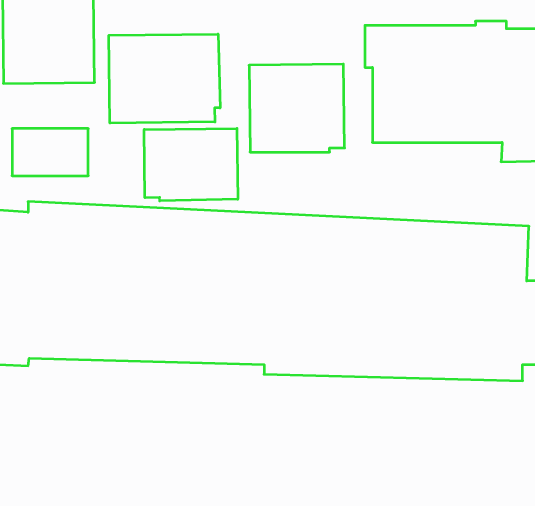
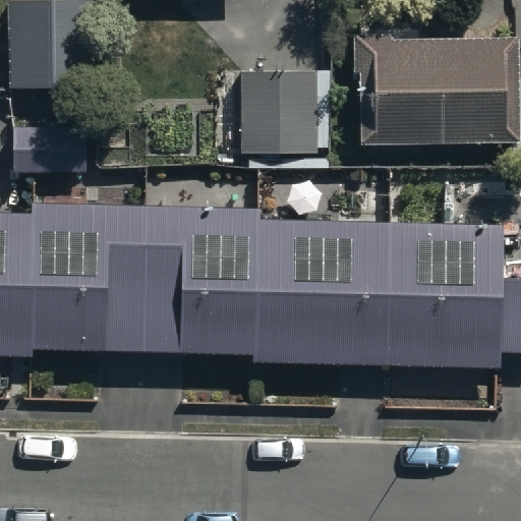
building: [109,34,220,123] -> none
building: [144,128,238,201] -> none

